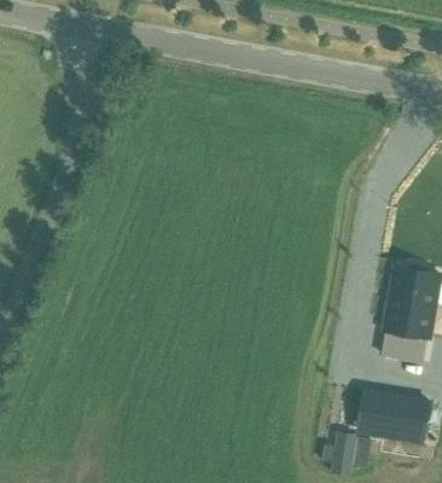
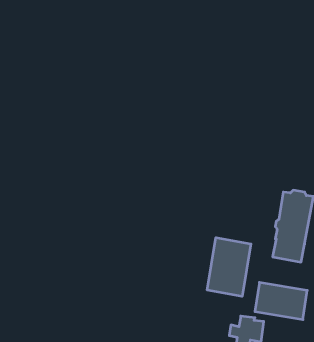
building: none -> [207,238,251,296]

